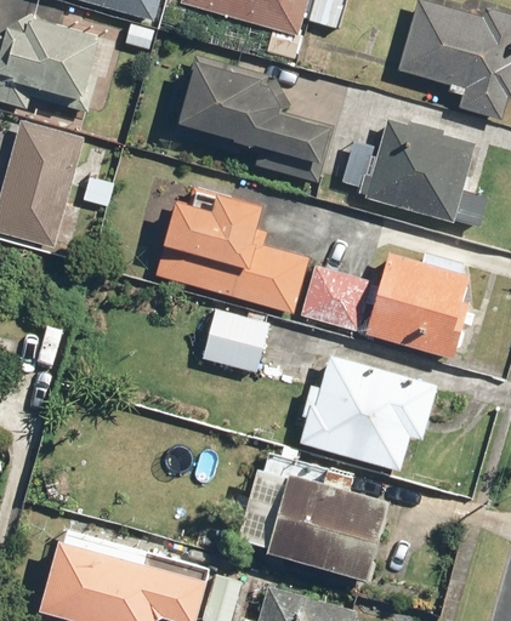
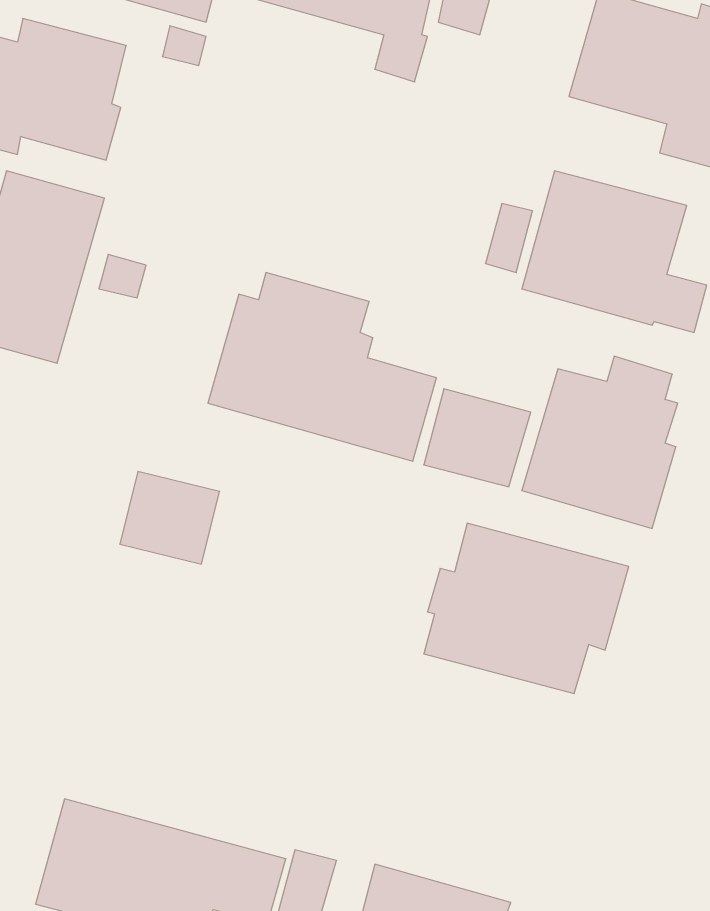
building: [178,59,333,182] -> none
building: [201,308,268,370] -> [120,471,220,564]
building: [238,450,391,580] -> none

